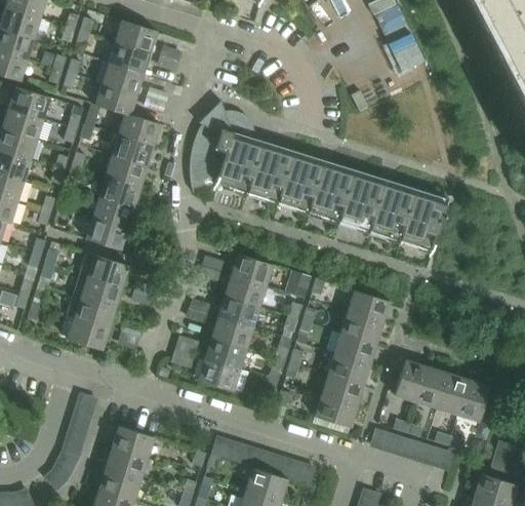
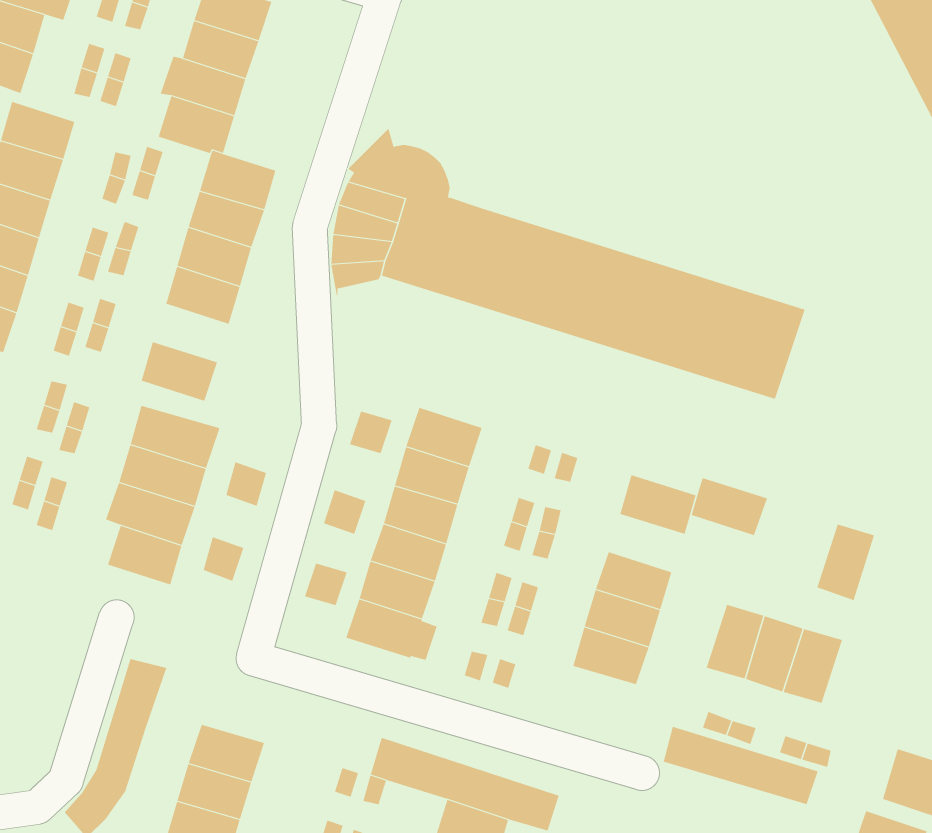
building: [91,197,133,229] -> none
building: [340,312,382,344] -> [691,478,768,536]
building: [457,381,489,423] -> [817,524,875,601]
building: [314,395,356,428] -> none

